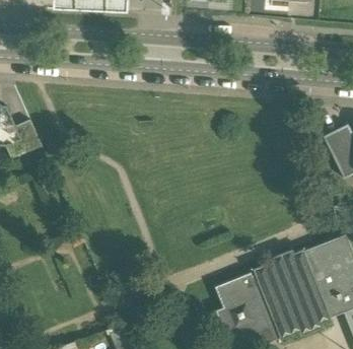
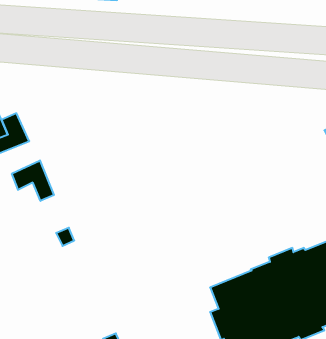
building: none -> [12,160,54,201]

